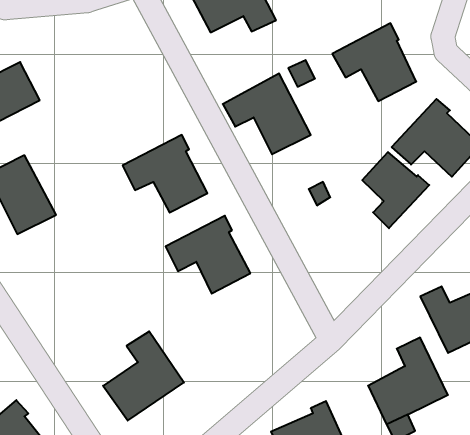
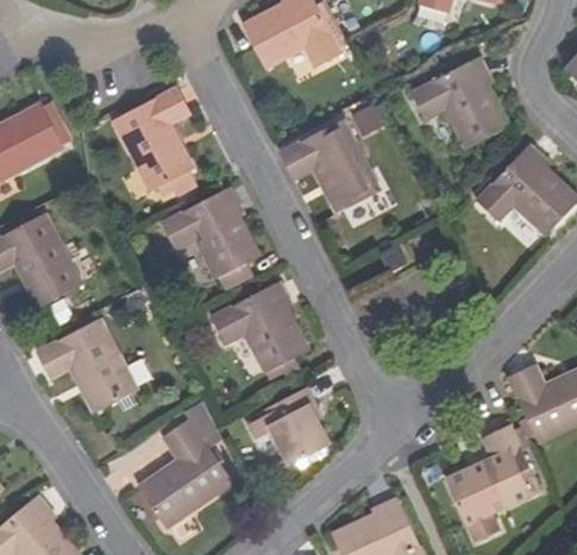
building: none -> [108,87,192,191]
building: [362,152,429,228] -> none
building: none -> [38,319,139,411]
building: none -> [250,385,332,461]

